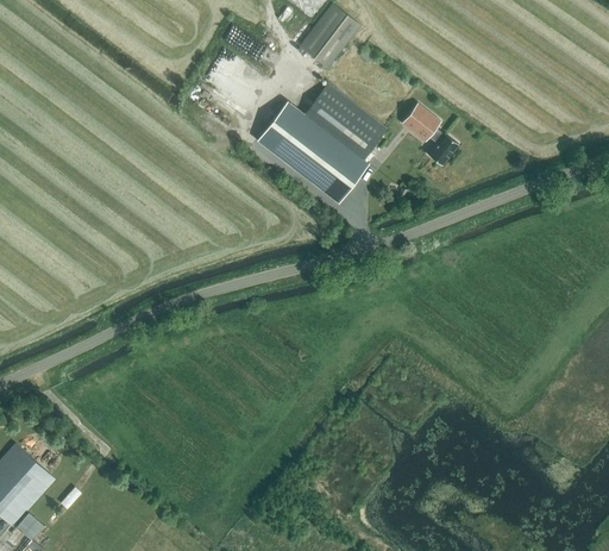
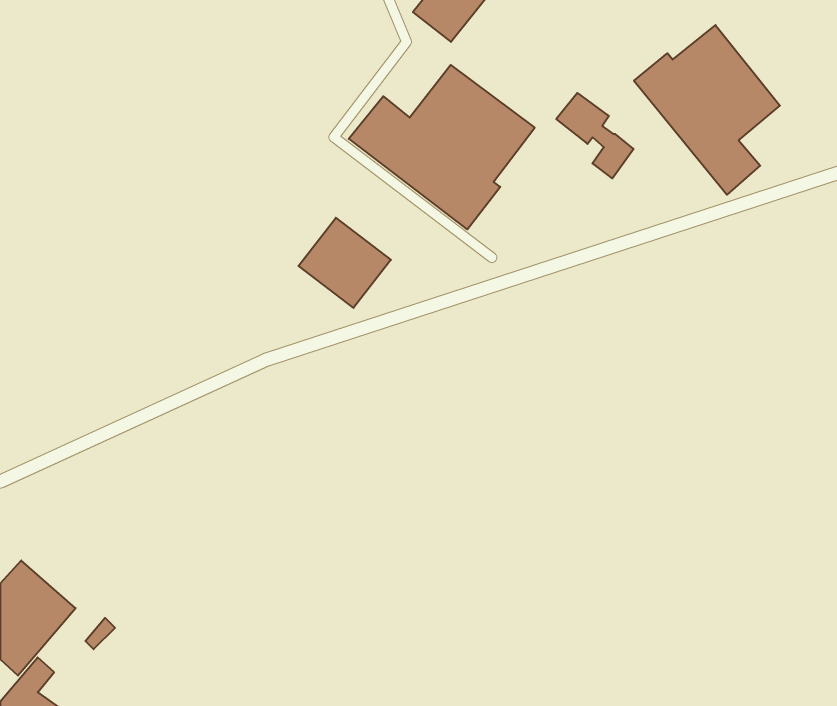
building: none -> [634,25,780,195]
building: none -> [298,218,391,308]

